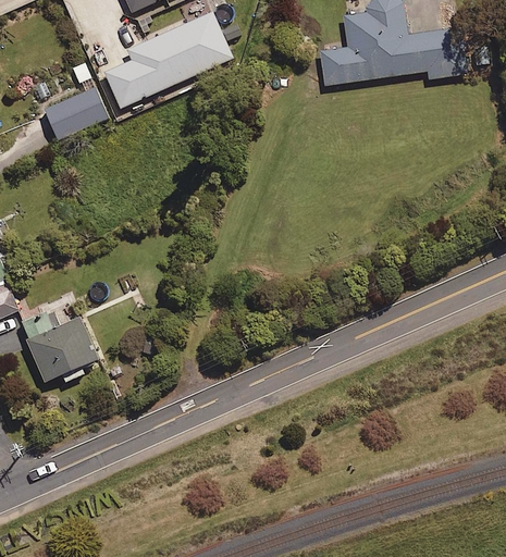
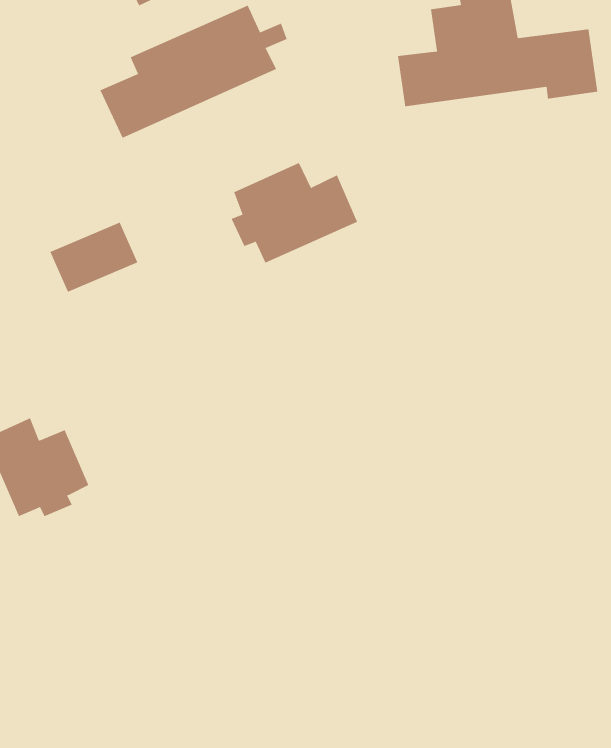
building: [44,88,108,139] -> [50,222,138,292]
building: none -> [231,162,358,264]

